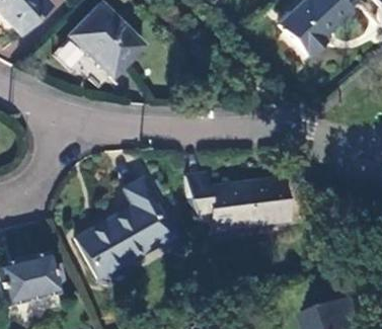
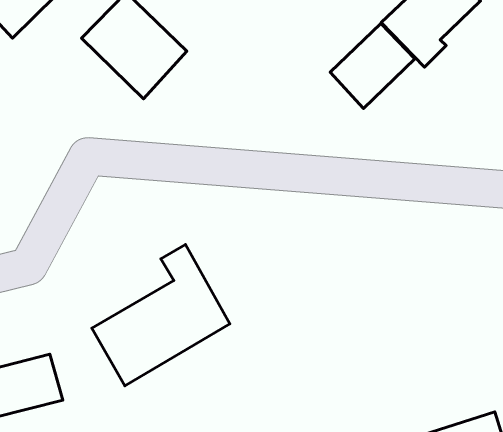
building: none -> [330,24,415,108]
building: [187,172,290,230] -> none

